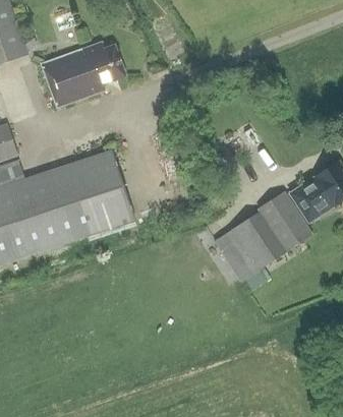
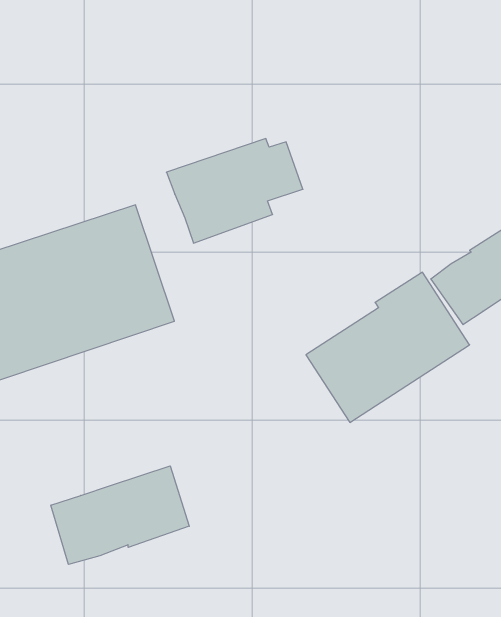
building: [41,44,123,107] -> [166,139,303,243]
building: none -> [51,466,189,564]

